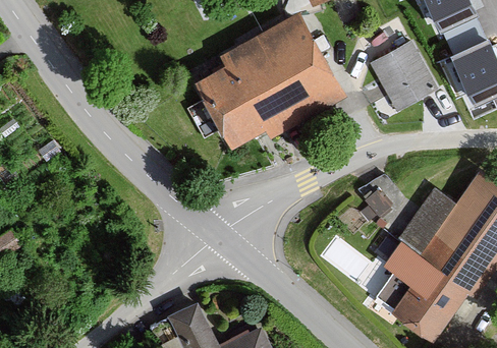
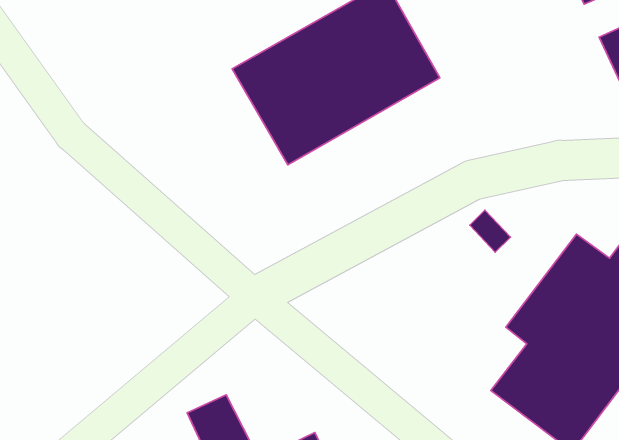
building: [372,40,436,107] -> none

